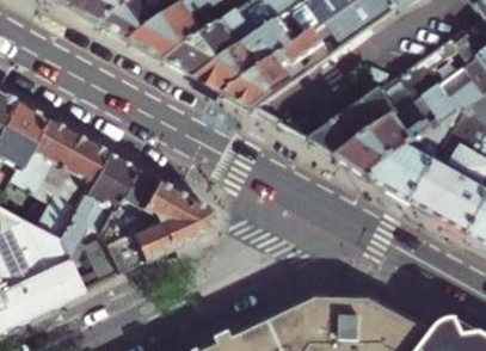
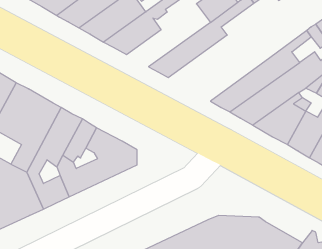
building: [195,10,308,94] -> none

